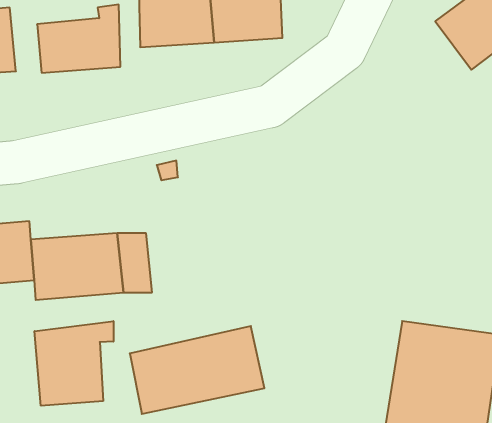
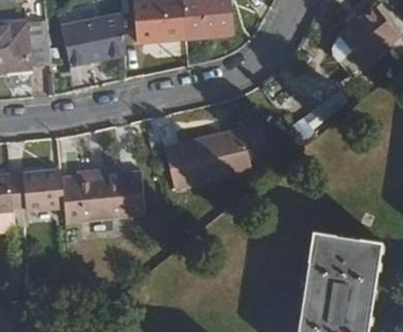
building: [35,321,113,406] -> none
building: [130,326,264,414] -> [166,126,257,186]

